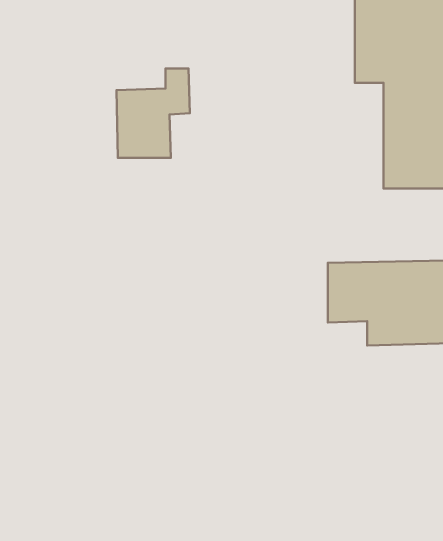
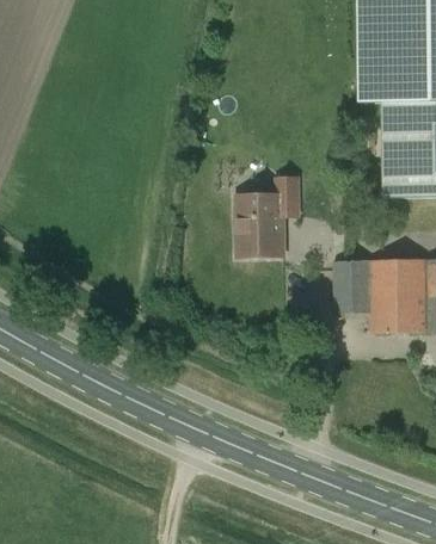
building: [117,68,190,158] -> [235,177,300,255]

